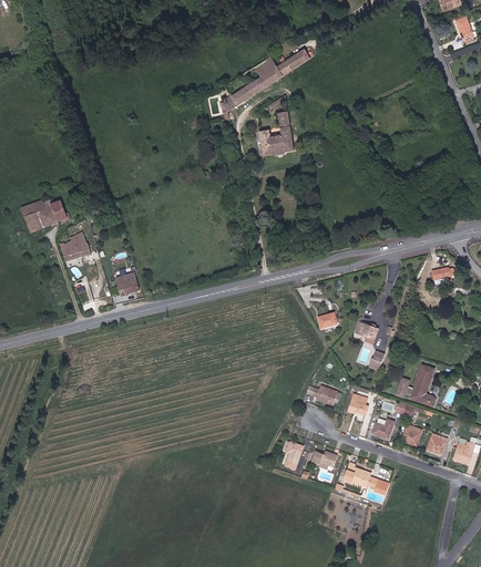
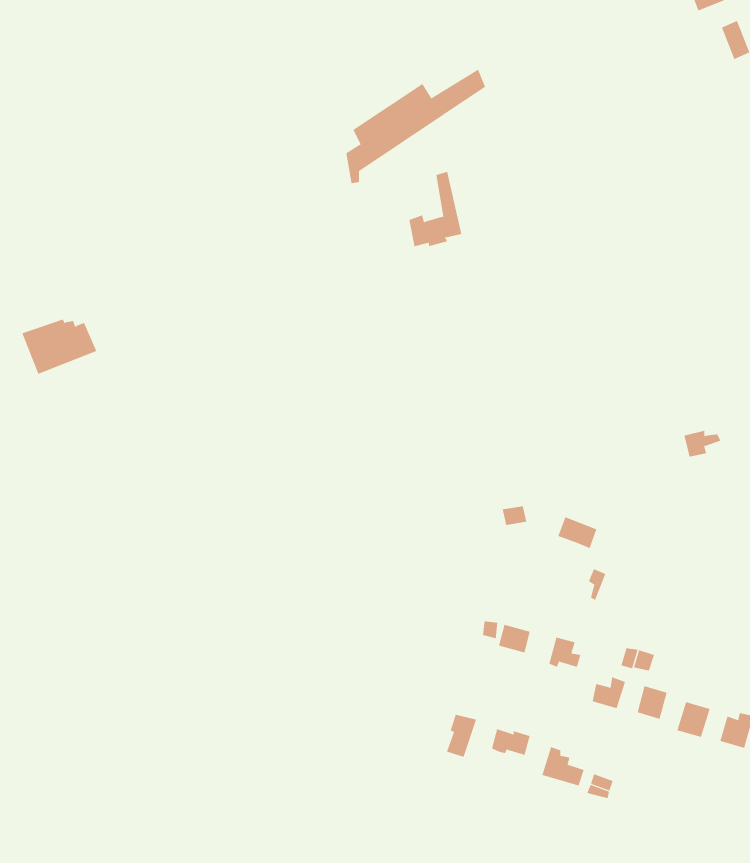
building: [60,231,93,259] -> none
building: [115,270,141,298] -> none
building: [396,365,432,404] -> none

